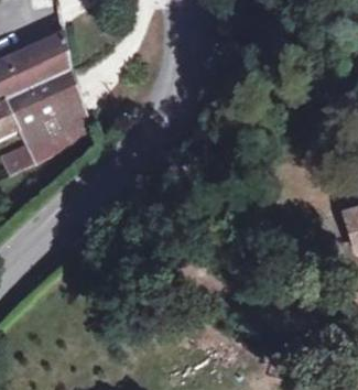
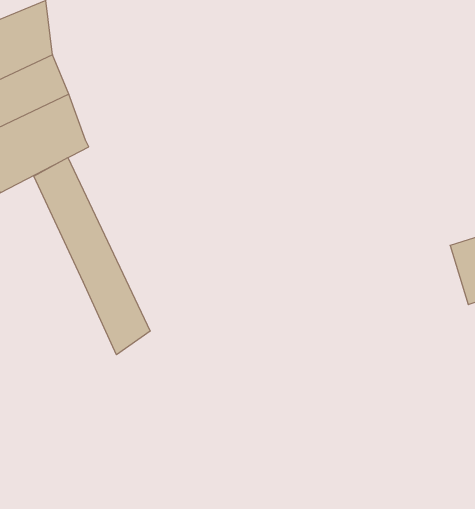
building: none -> [34,158,150,355]

